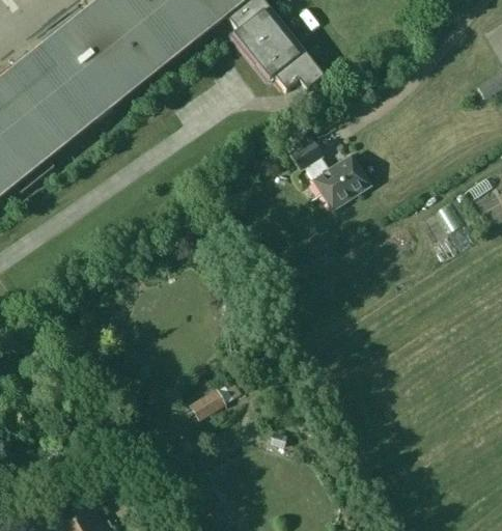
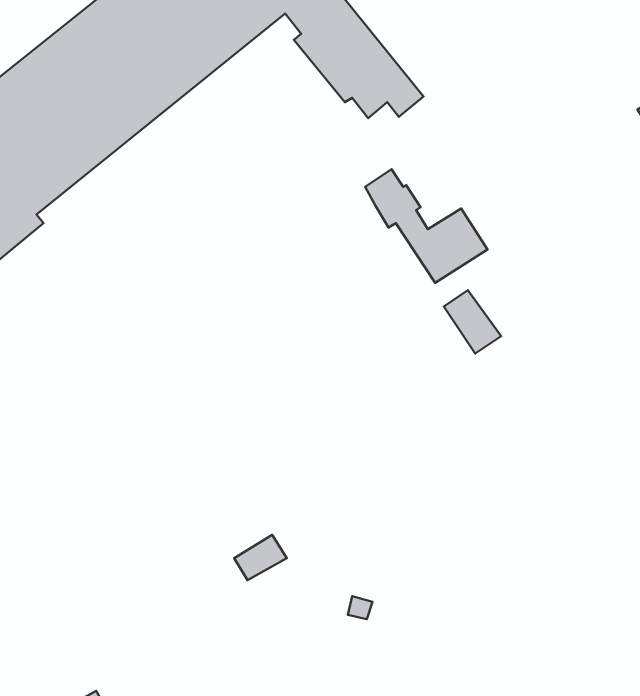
building: none -> [444,290,501,353]

